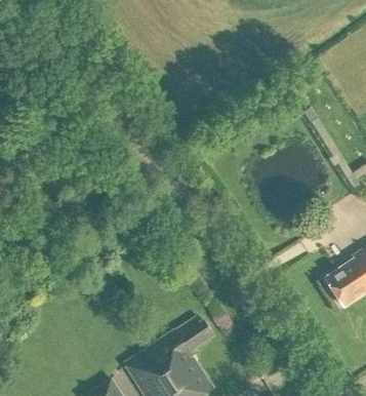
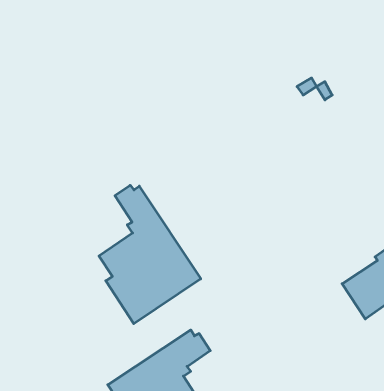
building: none -> [99,185,201,324]

